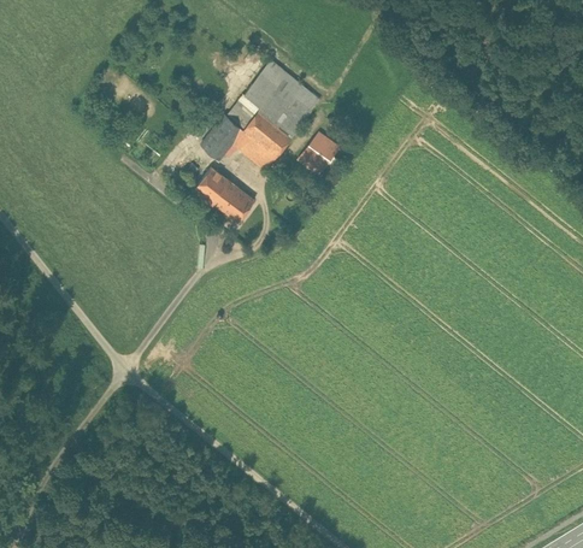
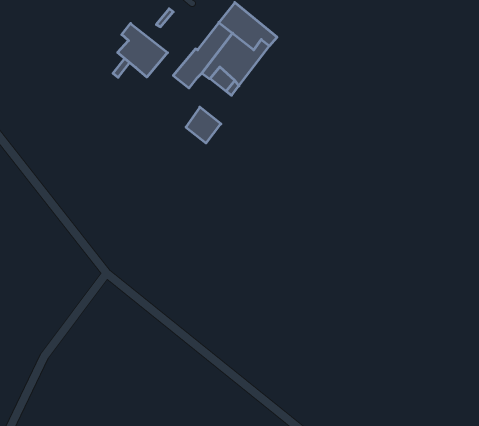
building: none -> [118,23,168,77]
building: [299,135,338,176] -> none
building: [189,166,231,211] -> none

